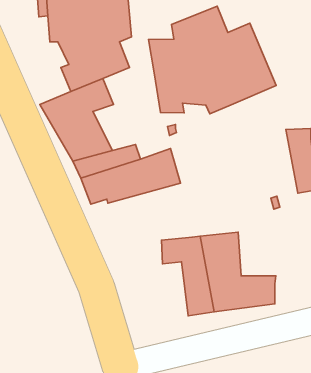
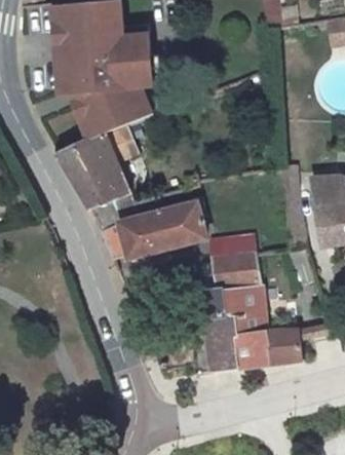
building: [149,6,276,114] -> none
building: none -> [207,235,262,291]

